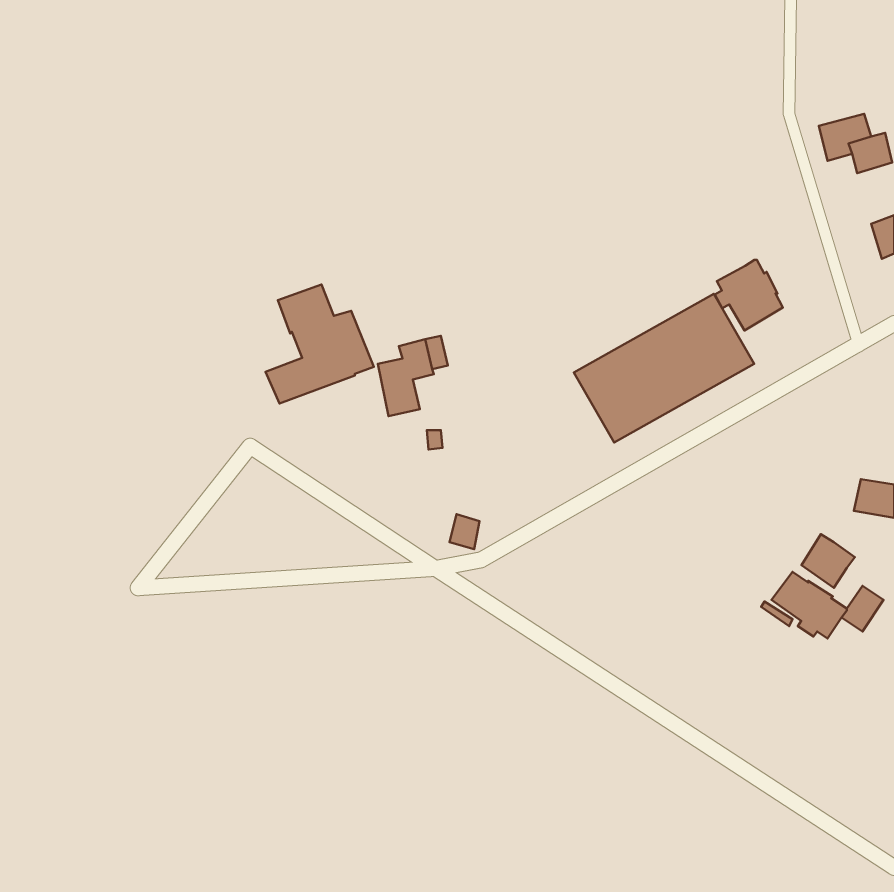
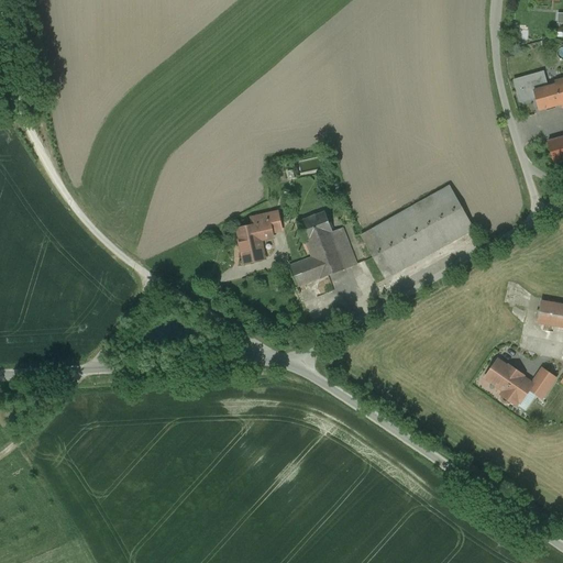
building: [715,260,783,330] -> none
building: [266,284,374,403] -> [289,211,357,286]
building: [801,534,855,588] -> none

